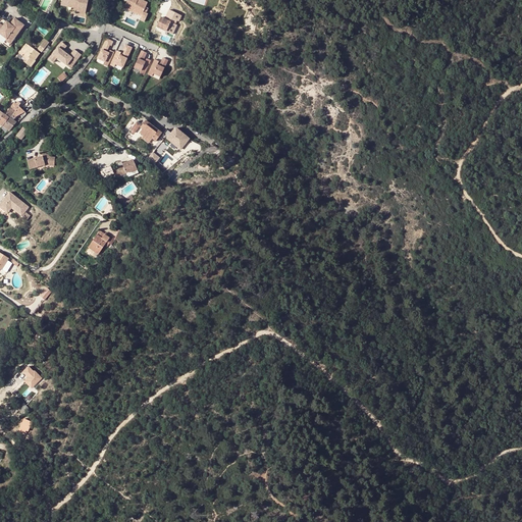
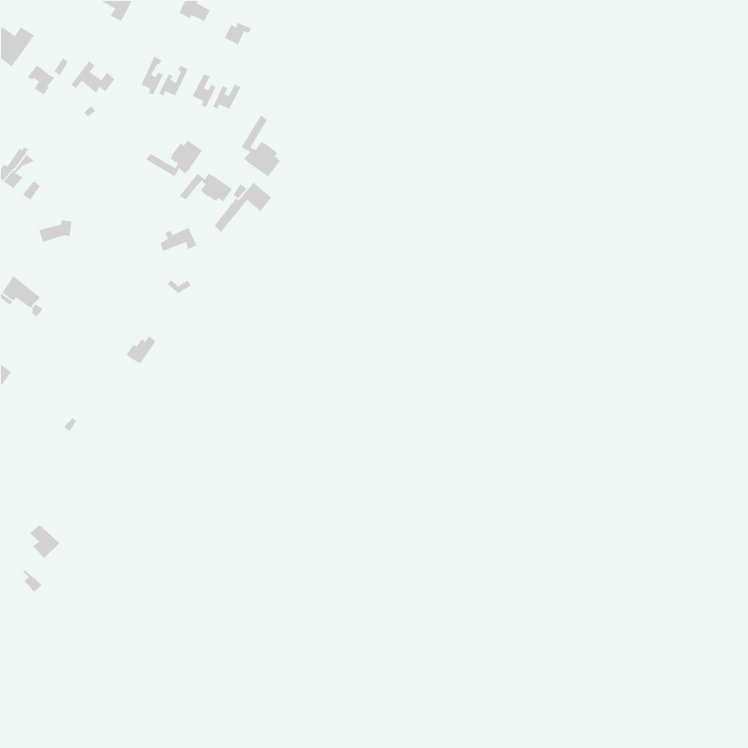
building: none -> [241,114,280,177]
building: none -> [145,140,203,177]

